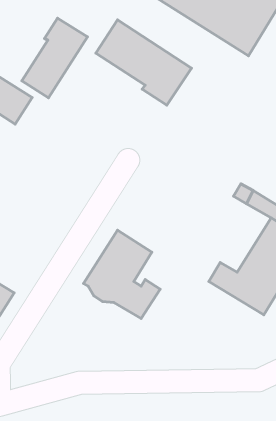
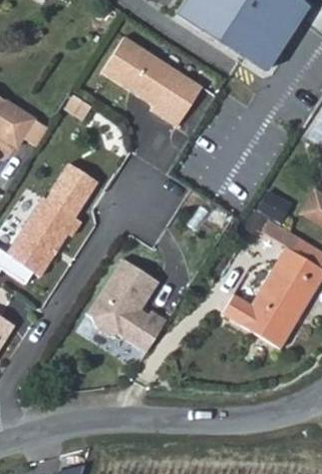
building: [22,18,88,98] -> none
building: none -> [7,163,98,278]

